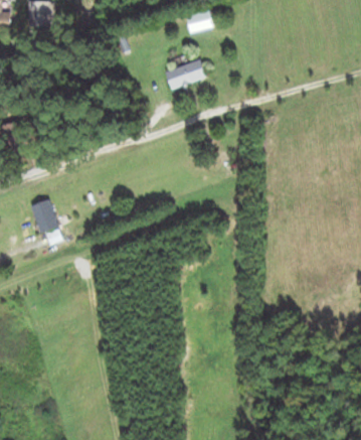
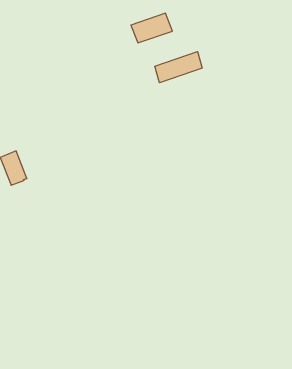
building: none -> [155,52,202,83]

